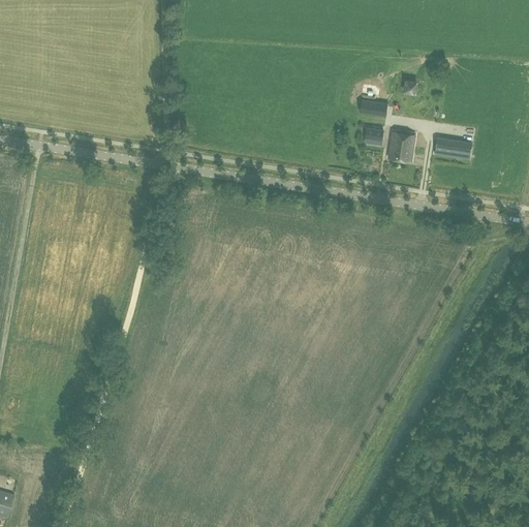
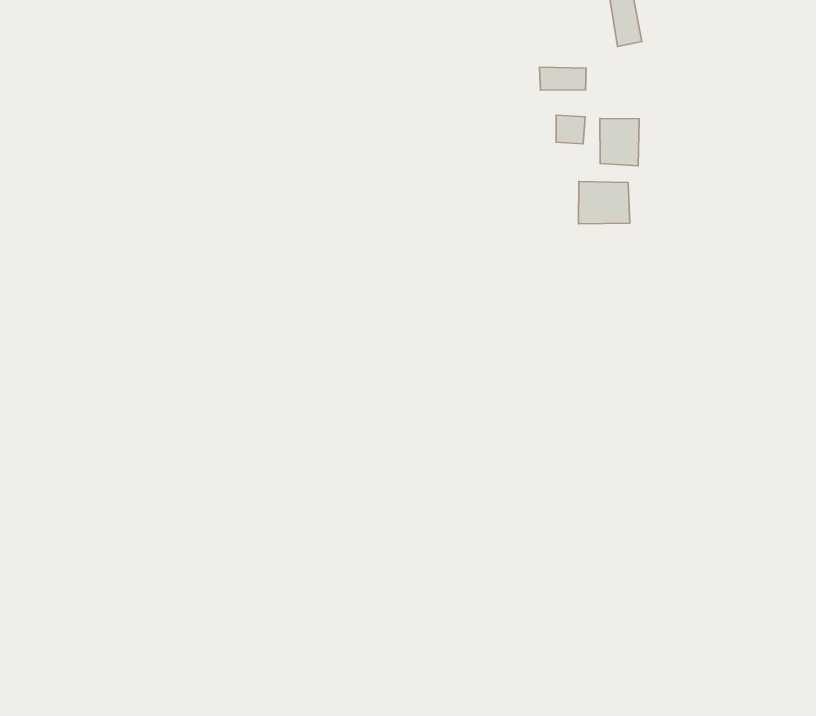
building: [434,136,471,158] -> none
building: none -> [579,181,630,224]

